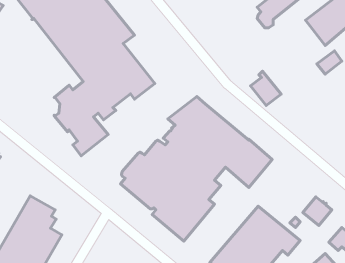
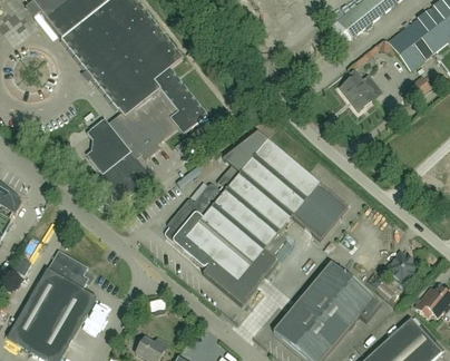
building: [250,71,281,105] -> [340,68,376,109]

